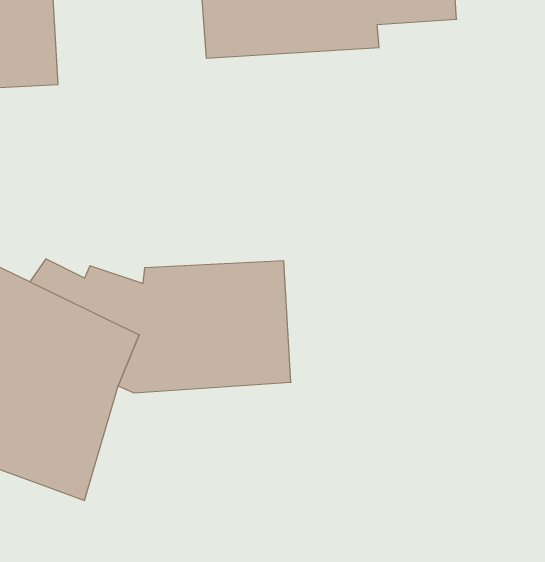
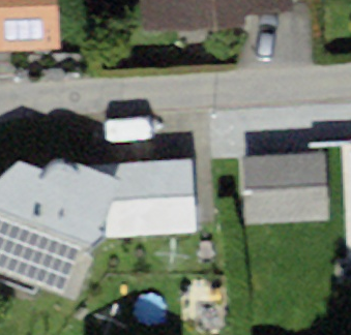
building: none -> [246,154,330,225]

